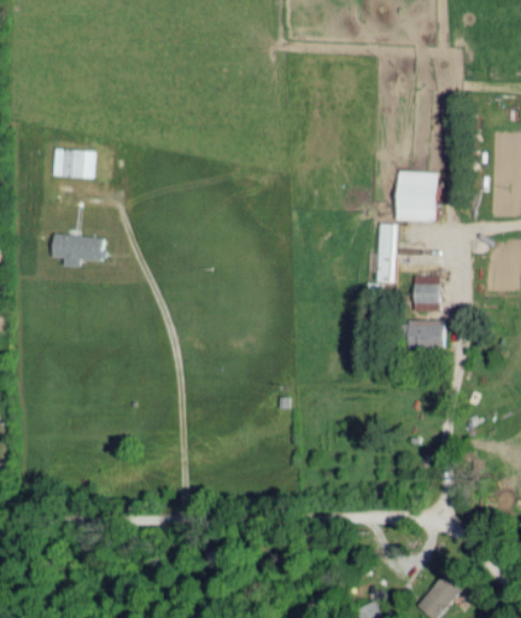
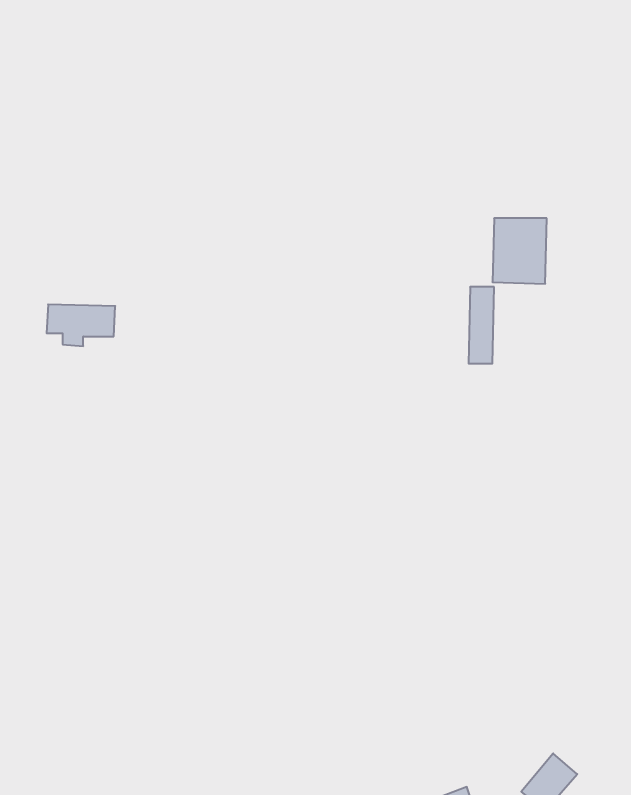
building: [57,148,100,179] -> none
building: [412,275,439,311] -> none
building: [405,320,445,346] -> none

